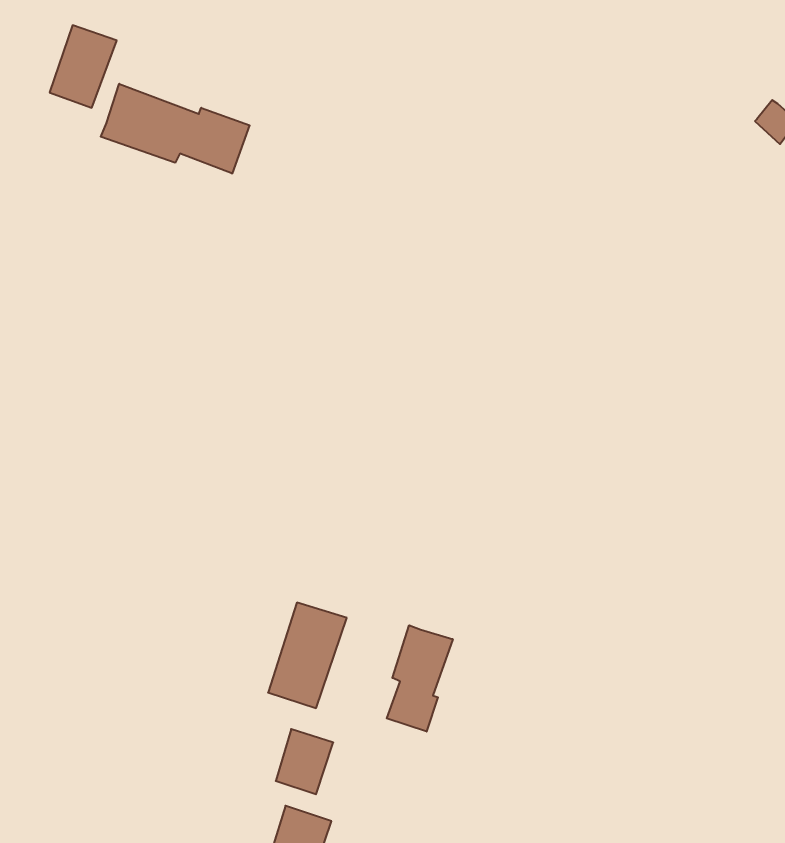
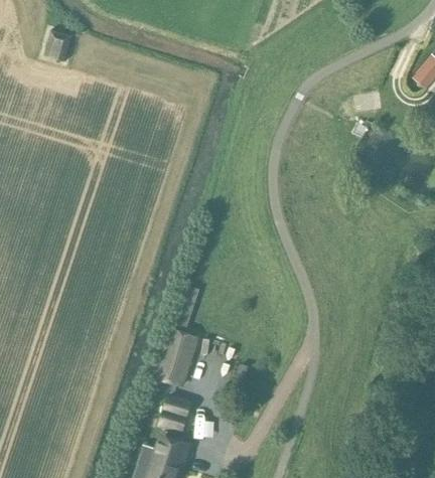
building: [101,84,250,174] -> none
building: [387,625,453,732] -> none

